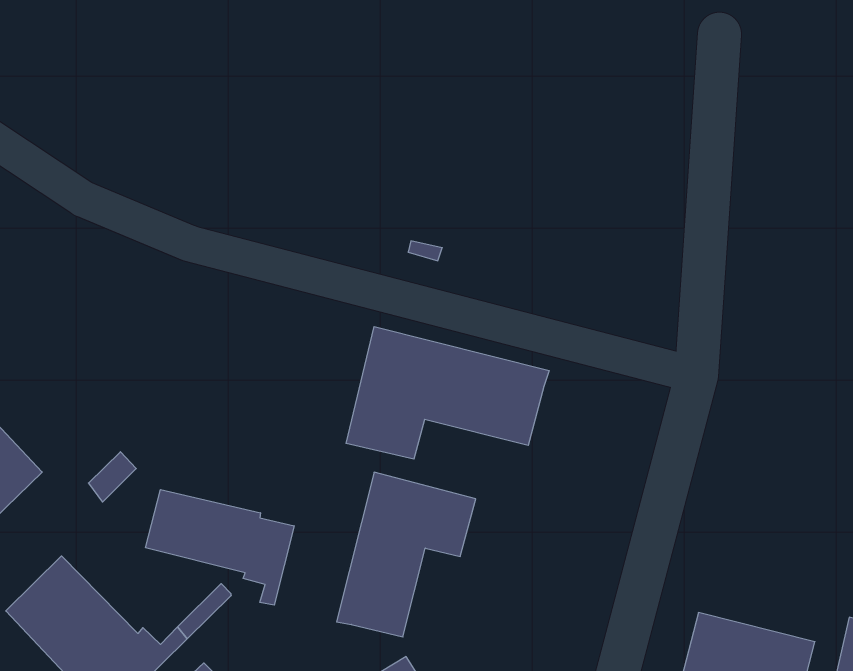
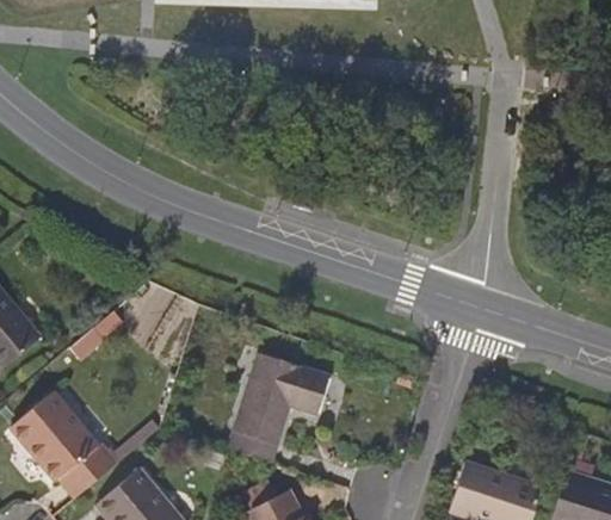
building: [346,327,549,459] -> none
building: [146,490,294,605] -> none

